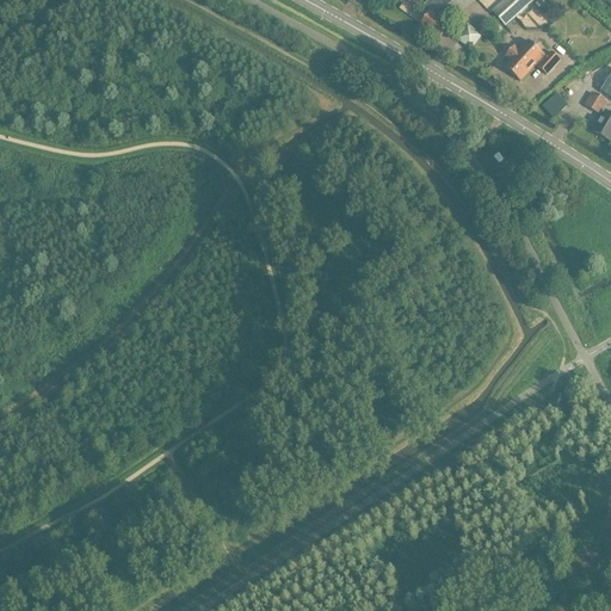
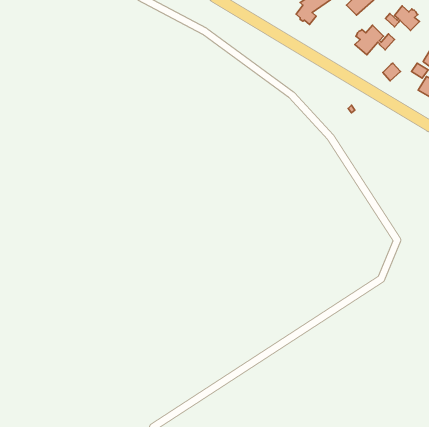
building: none -> [386,6,419,30]

